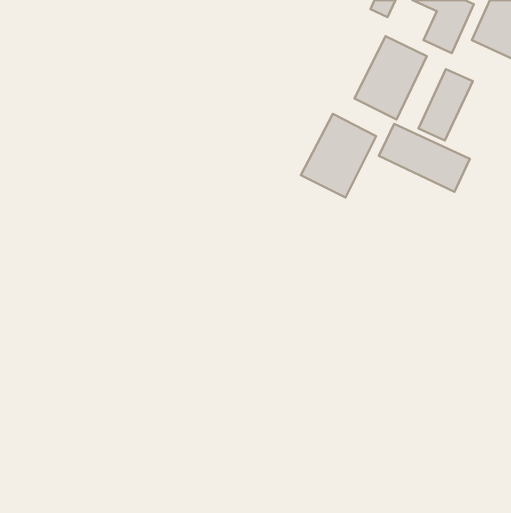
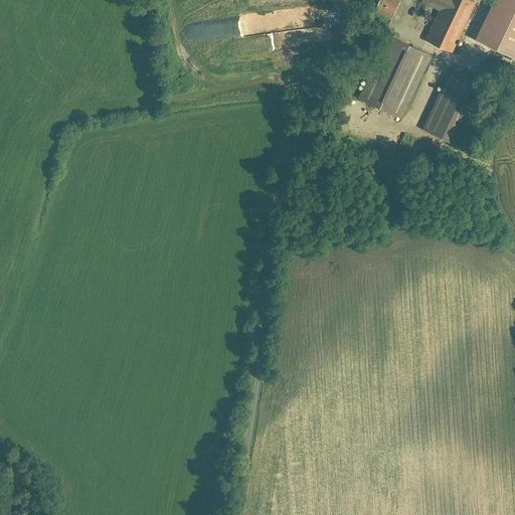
building: [301,114,376,198] -> none
building: [379,124,470,192] -> none

